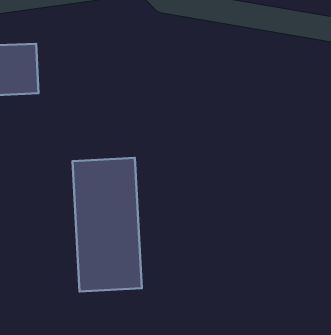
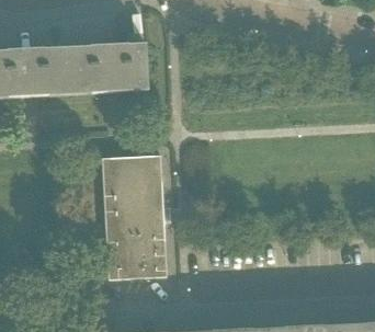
building: none -> [68,43,148,93]

